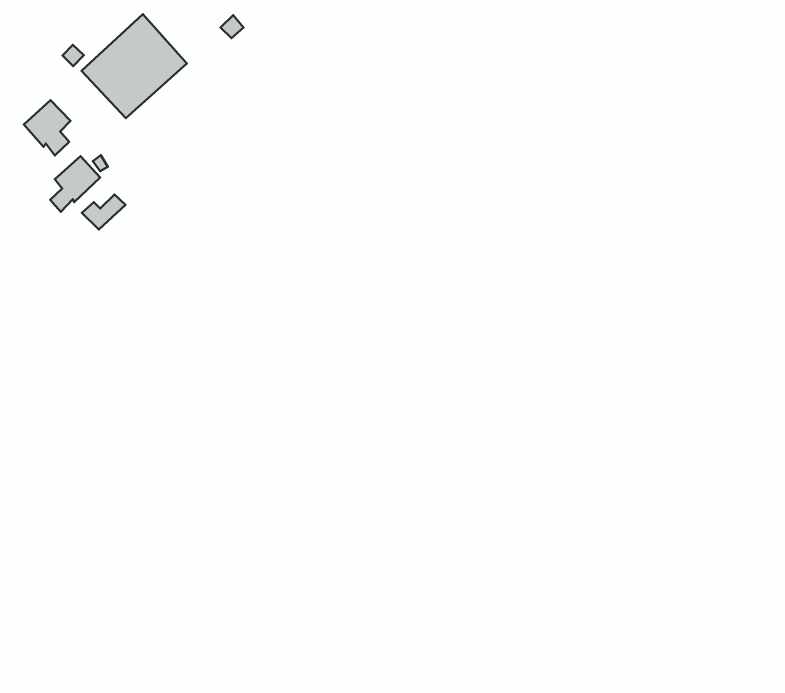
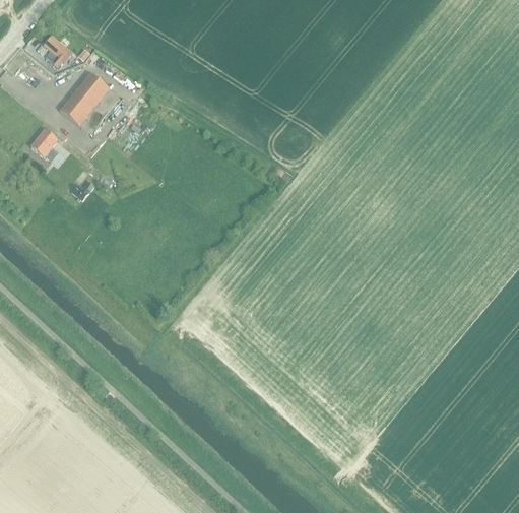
building: [50,156,100,212] -> none

